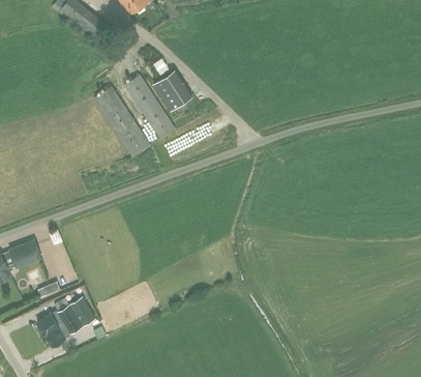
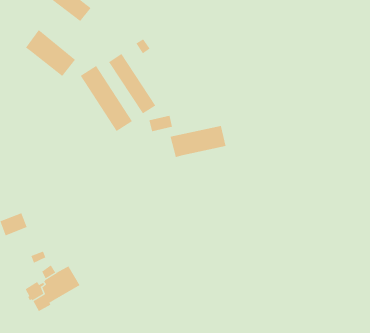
building: none -> [25,29,76,77]
building: [153,69,191,110] -> none
building: none -> [170,125,226,158]

